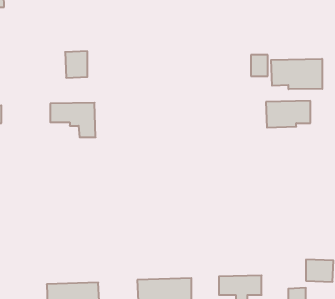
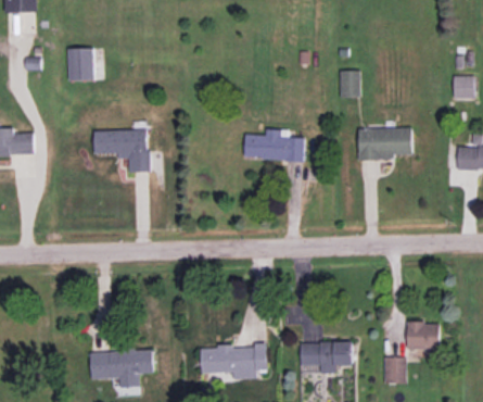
building: [65,51,87,78] -> [66,48,93,80]
building: [271,59,322,89] -> none
building: none -> [243,128,304,161]

